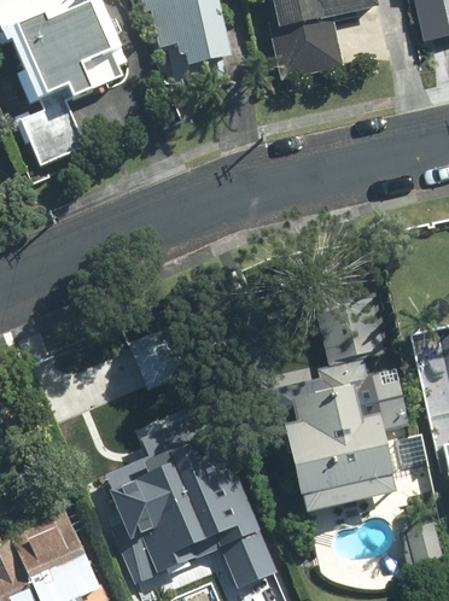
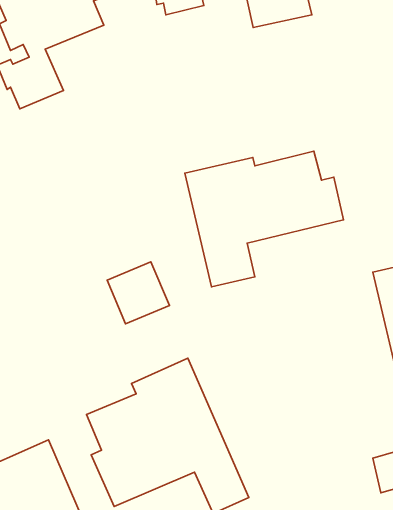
building: none -> [185,151,344,287]
building: [273,303,410,512] -> none

